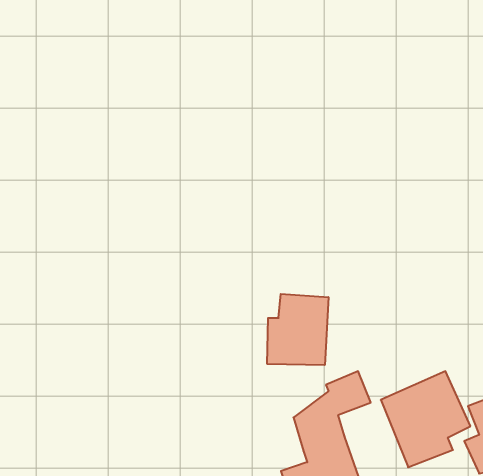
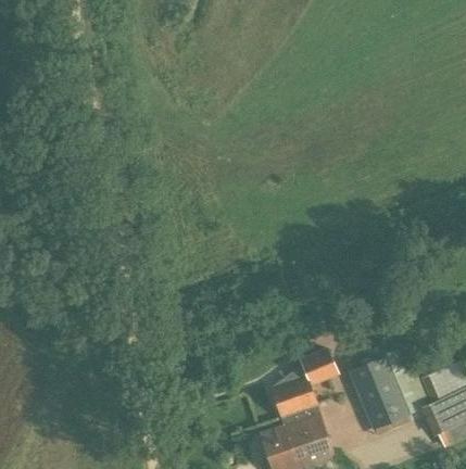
building: [267,294,328,365] -> none

